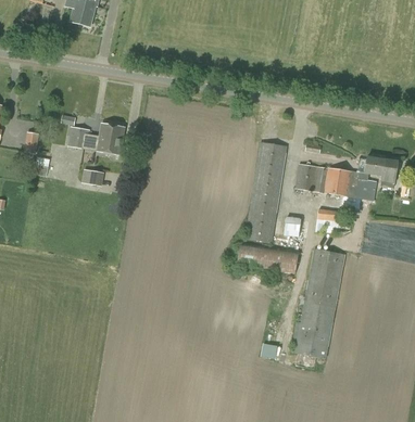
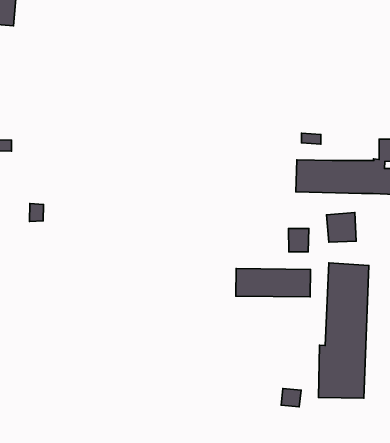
building: [67,123,125,154] -> none
building: [246,141,288,243] -> none

